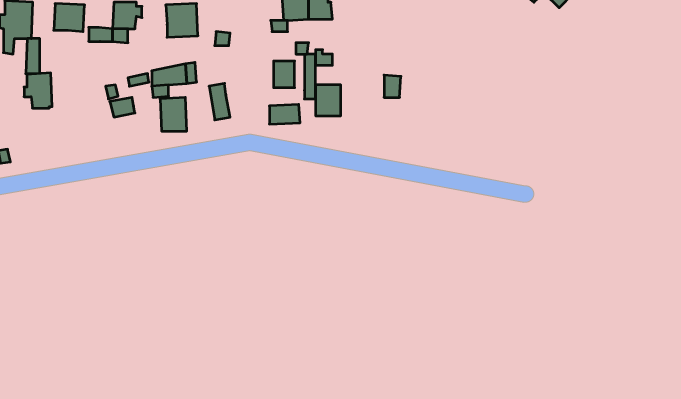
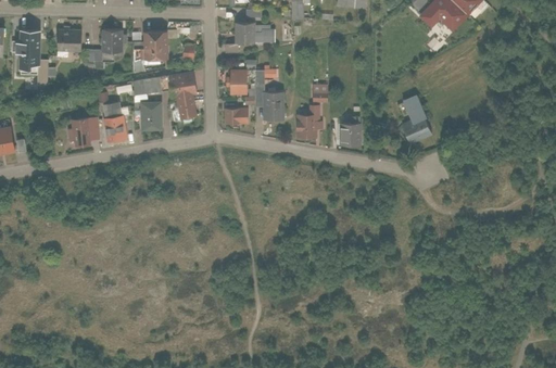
building: none -> [170,71,198,93]
building: [24,73,52,108] -> [67,118,89,145]
building: none -> [402,97,433,143]
building: none -> [296,104,320,137]
building: none -> [104,114,127,141]
building: none -> [339,114,362,143]

